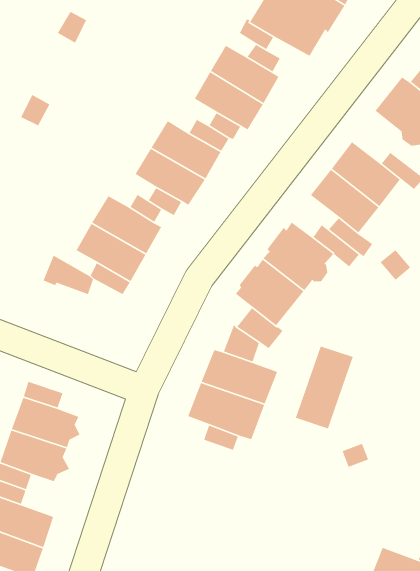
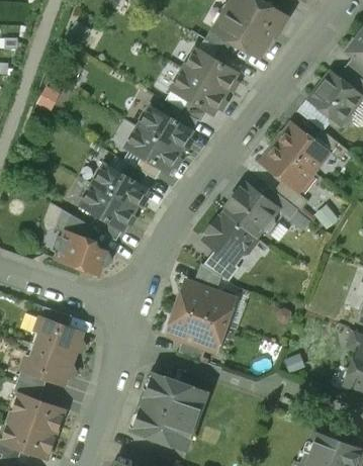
building: none -> [56,231,111,273]
building: [295,345,354,430] -> none
building: none -> [132,374,205,448]

